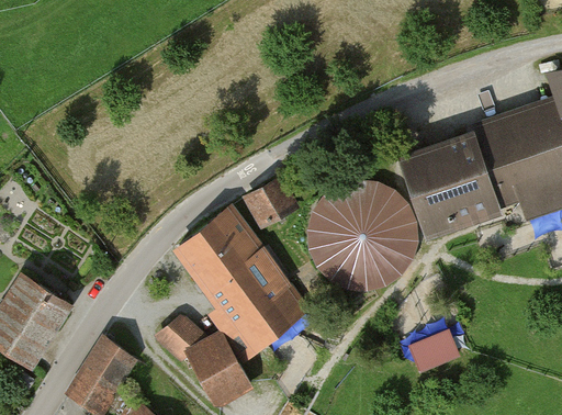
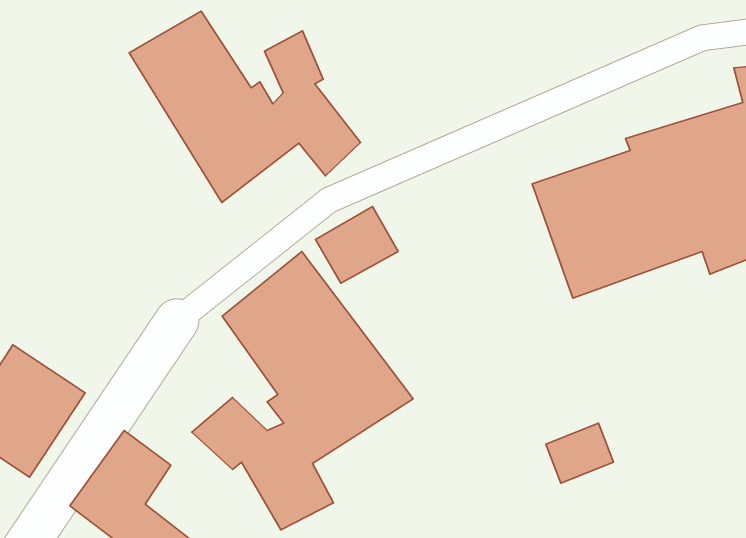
building: none -> [129,11,360,202]
building: [308,181,422,293] -> none

